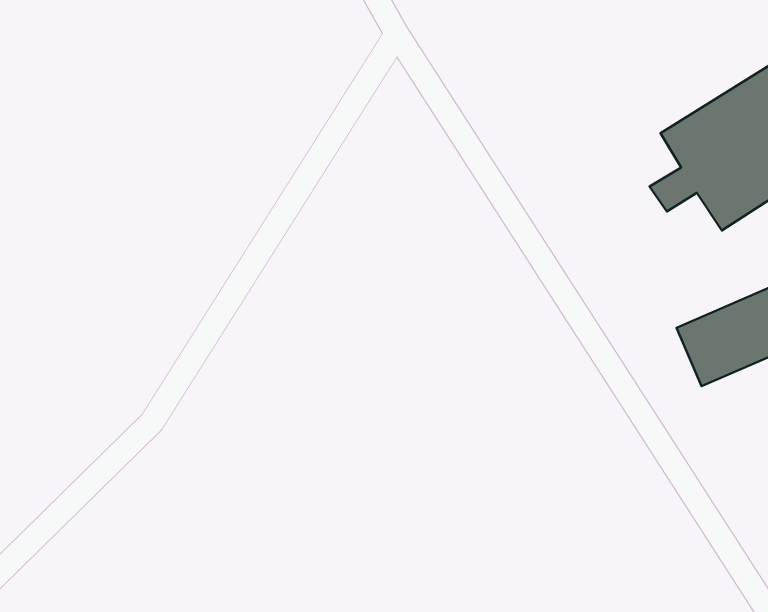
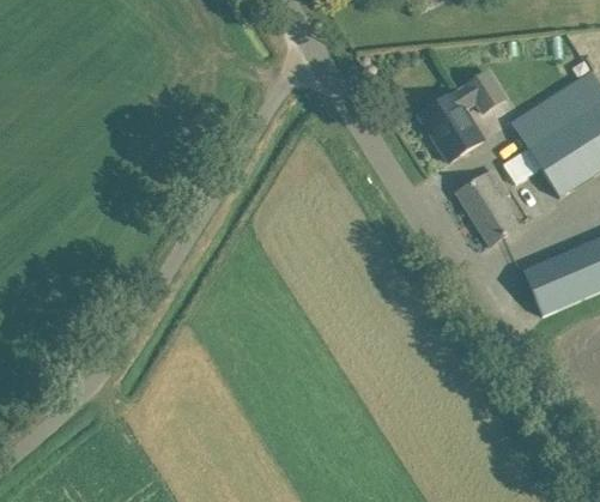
building: none -> [419,69,508,162]
building: none -> [457,170,519,244]

